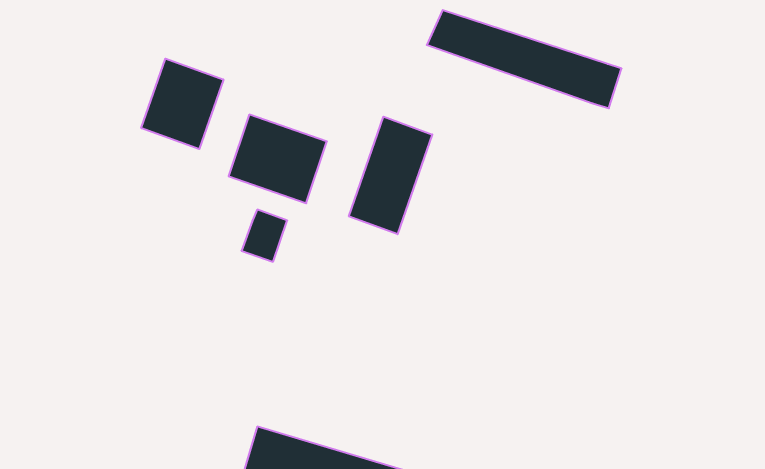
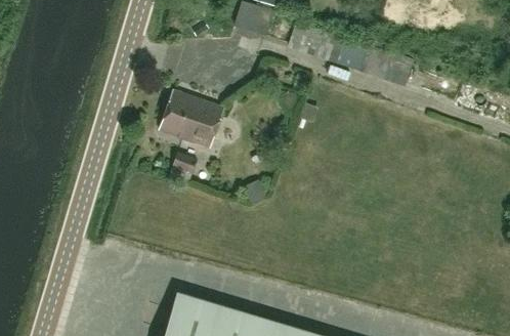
building: [141,59,223,149] -> none
building: [349,117,432,234] -> none

